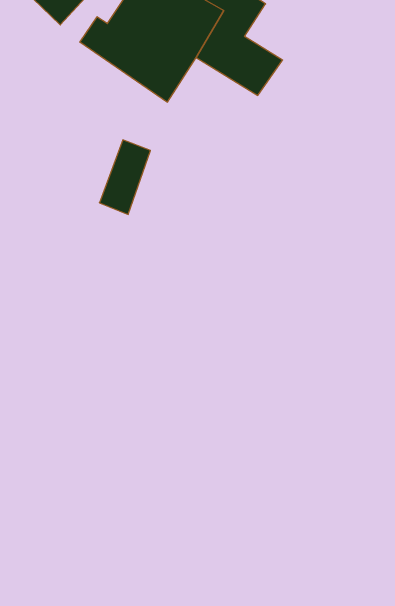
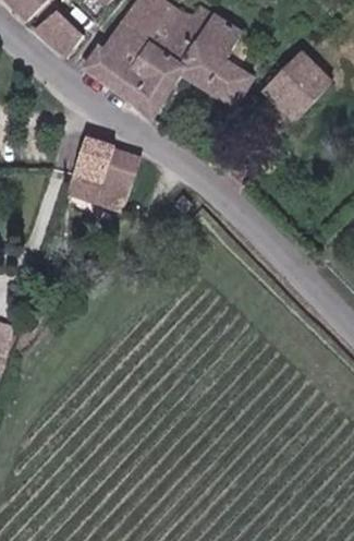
building: none -> [260,55,338,125]
building: none -> [68,137,117,202]

